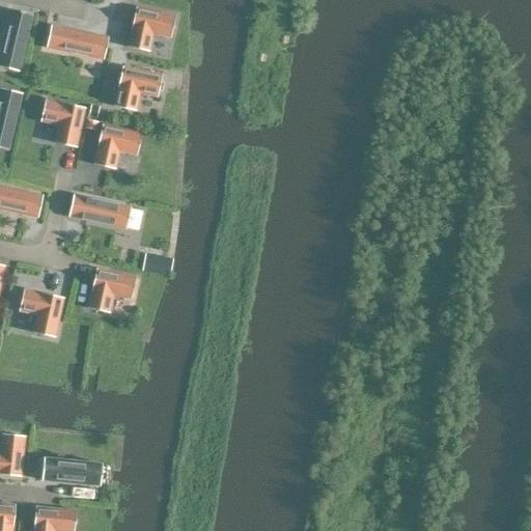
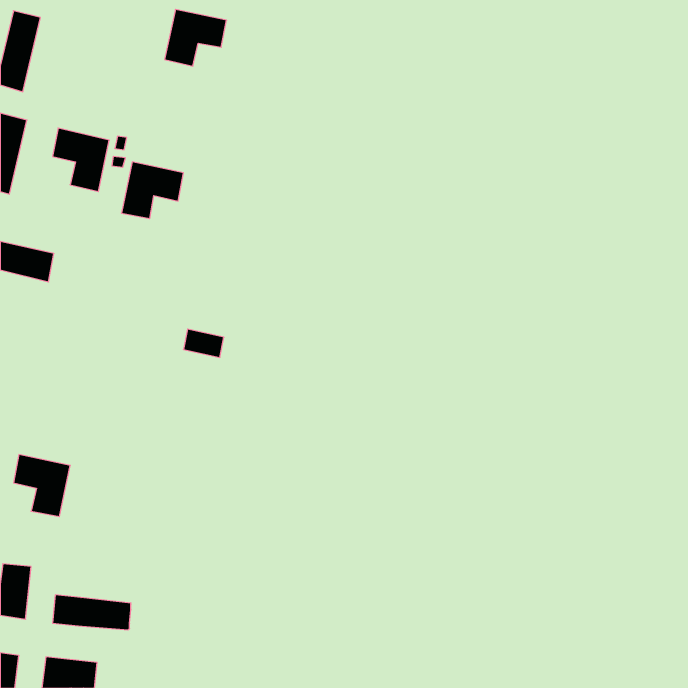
building: [47,25,109,58] -> none
building: [114,66,163,110] -> none
building: [69,194,131,228] -> none
building: [88,269,136,312] -> none
building: [20,288,63,336] -> [14,455,70,517]

